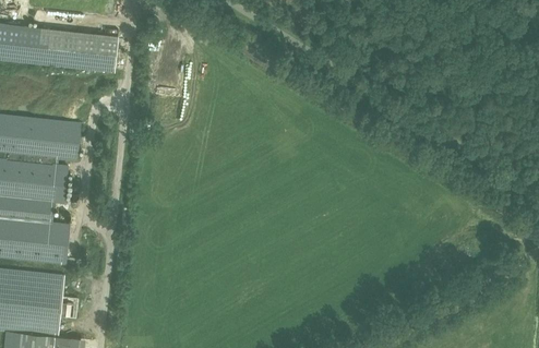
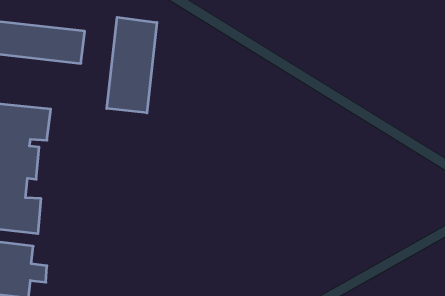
building: none -> [107,17,157,113]

